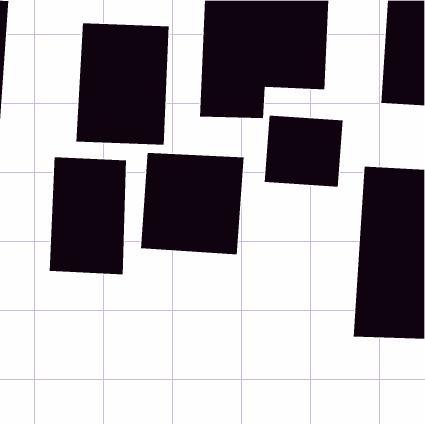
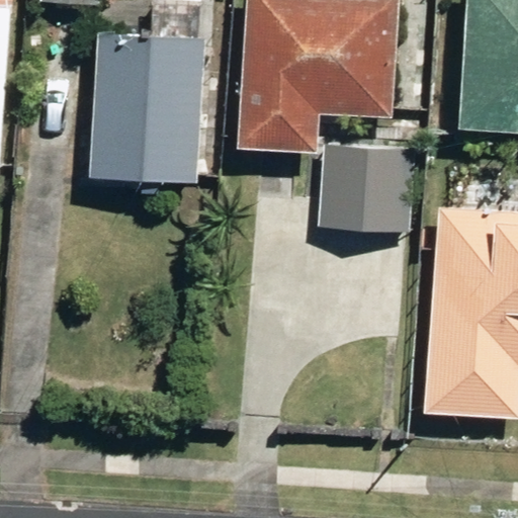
building: [141,152,244,255] -> none
building: [49,156,127,275] -> none

